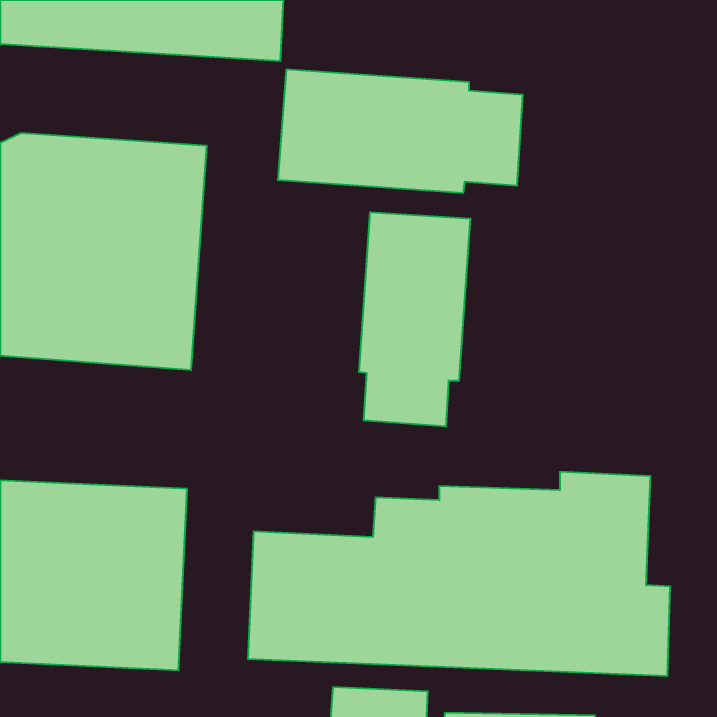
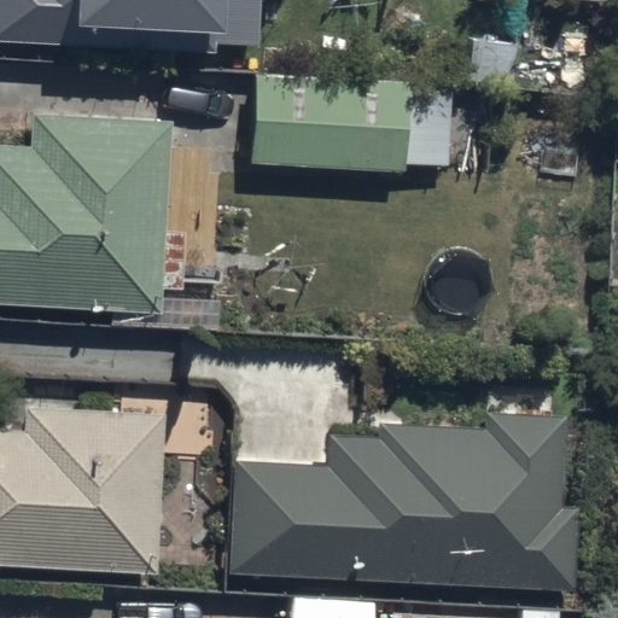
building: [359,212,470,427] -> none

